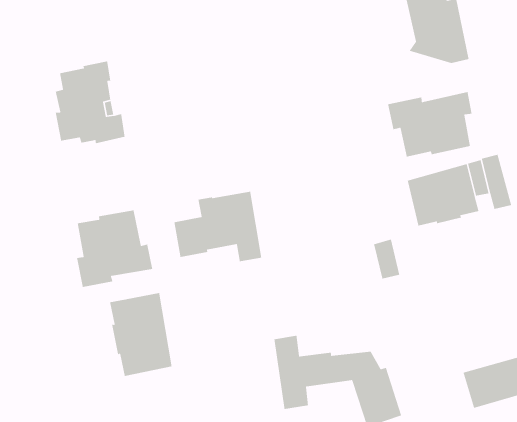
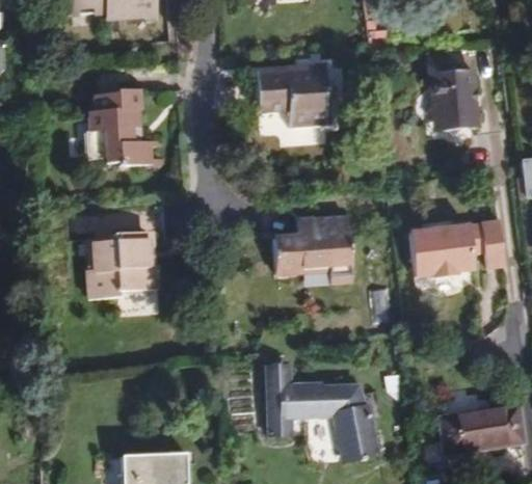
building: none -> [255,66,327,129]
building: [387,91,473,158] -> none
building: [174,191,262,262] -> [272,218,351,284]
building: [109,292,172,377] -> none

